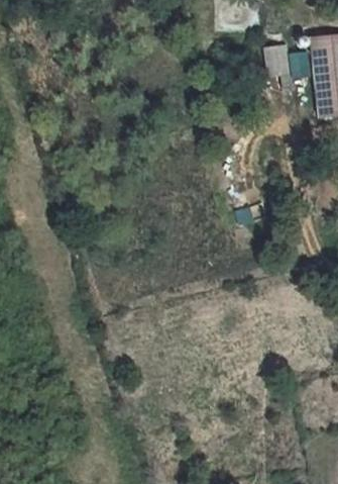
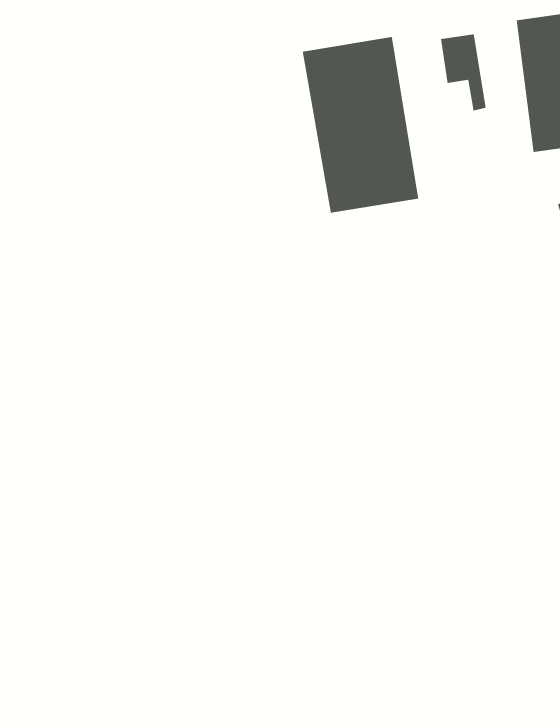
building: none -> [302,36,419,214]

